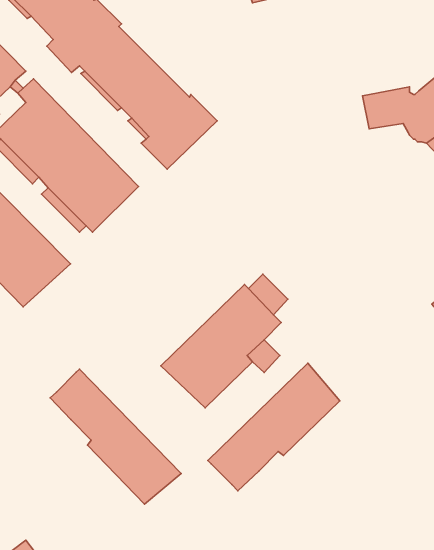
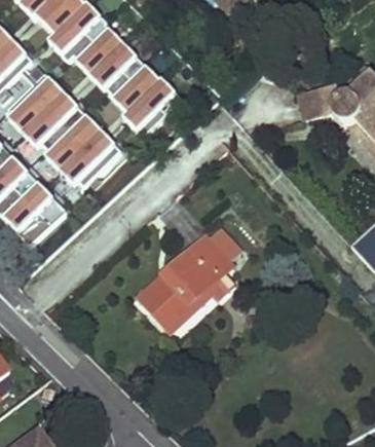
building: [208,363,340,491] -> none
building: [50,369,181,504] -> none

